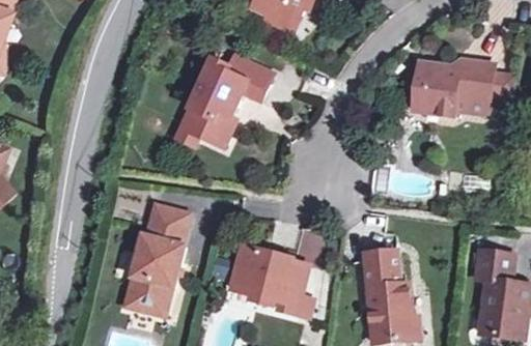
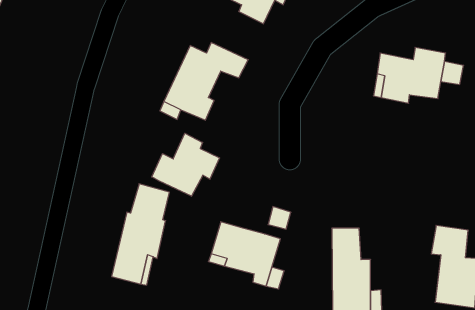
building: none -> [152,133,219,196]

